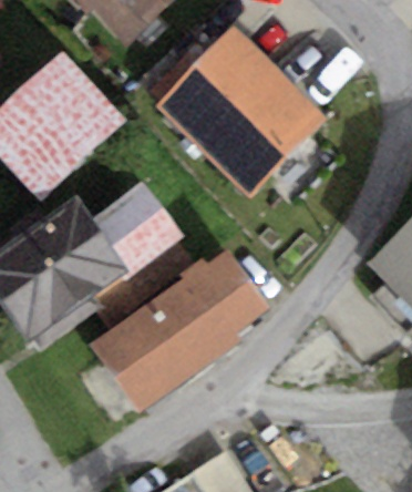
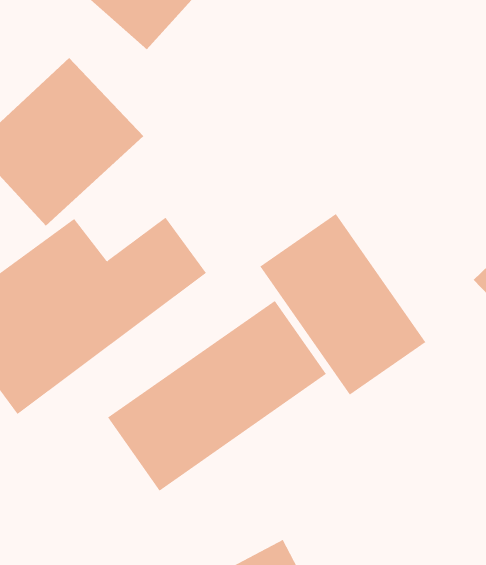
building: [159,33,326,199] -> none
building: none -> [260,213,426,396]

